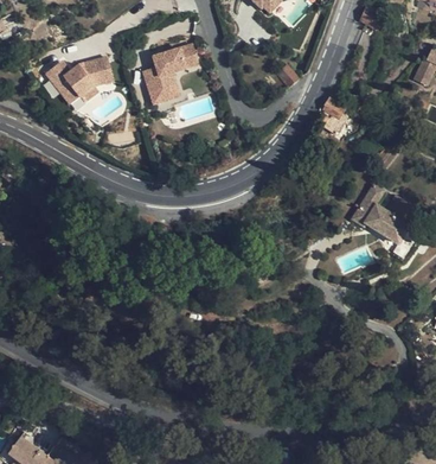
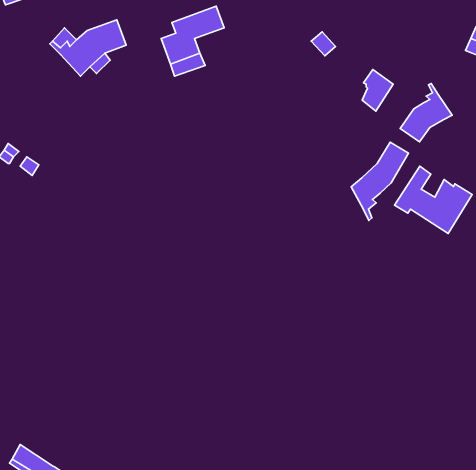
building: none -> [400,84,452,142]
building: none -> [351,142,409,220]

